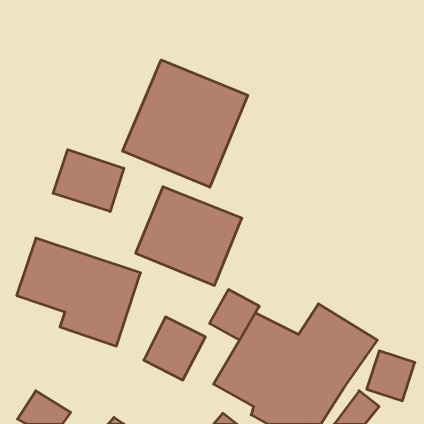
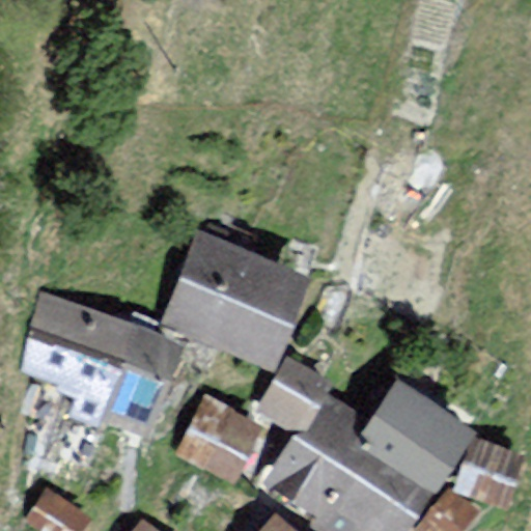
building: [123,60,248,187] -> none
building: [53,150,124,212] -> none

